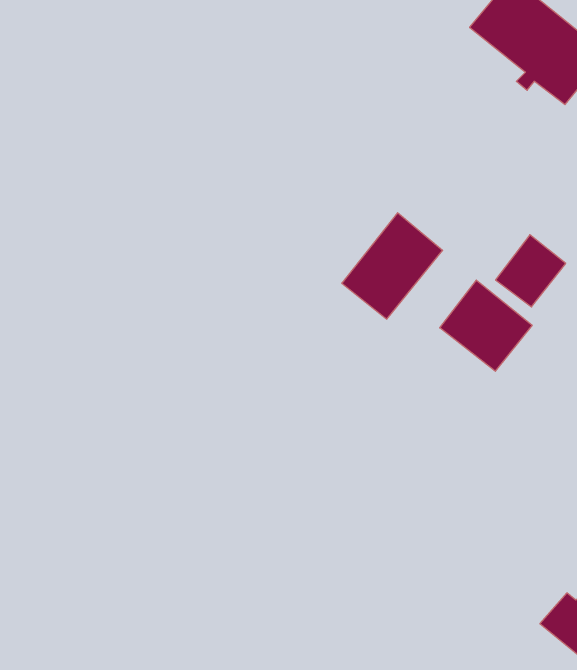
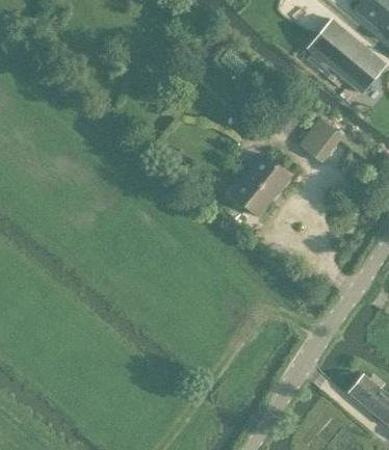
building: [496,235,566,307] -> [297,122,338,163]
building: [440,280,532,371] -> none

